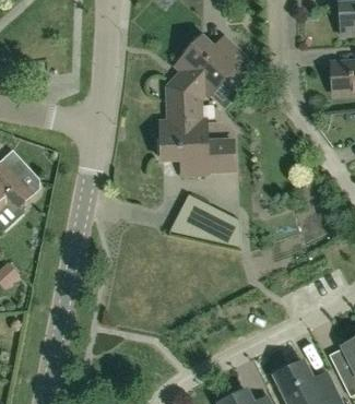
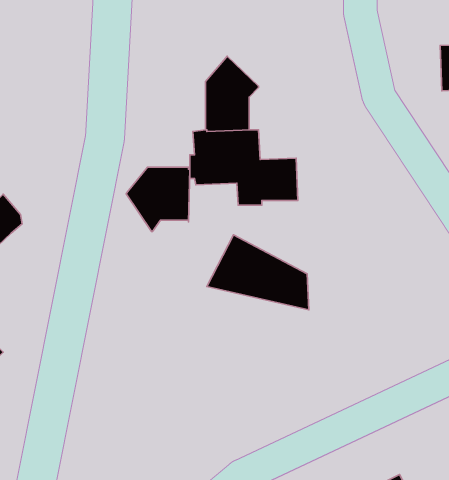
building: [176,36,255,94] -> none
building: none -> [126,167,190,231]

